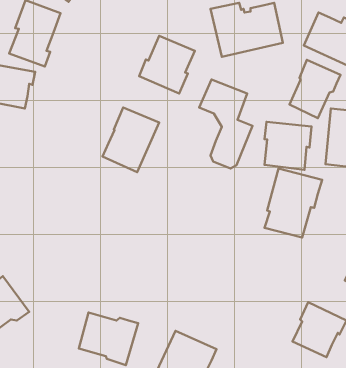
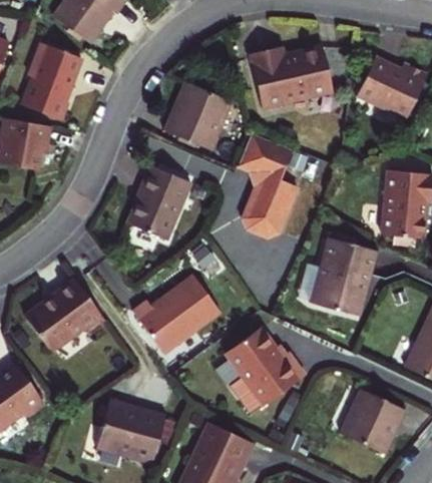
building: [290,60,341,118] -> none
building: [264,122,312,170] -> none
building: none -> [135,274,222,354]
building: none -> [21,277,101,346]
building: none -> [226,329,308,417]

